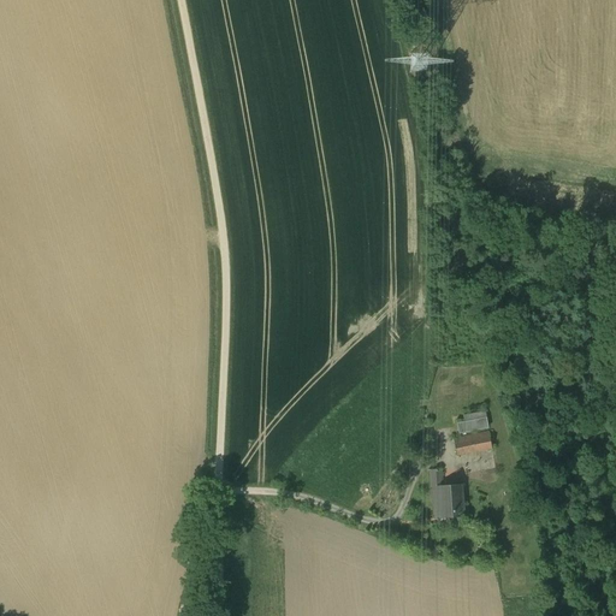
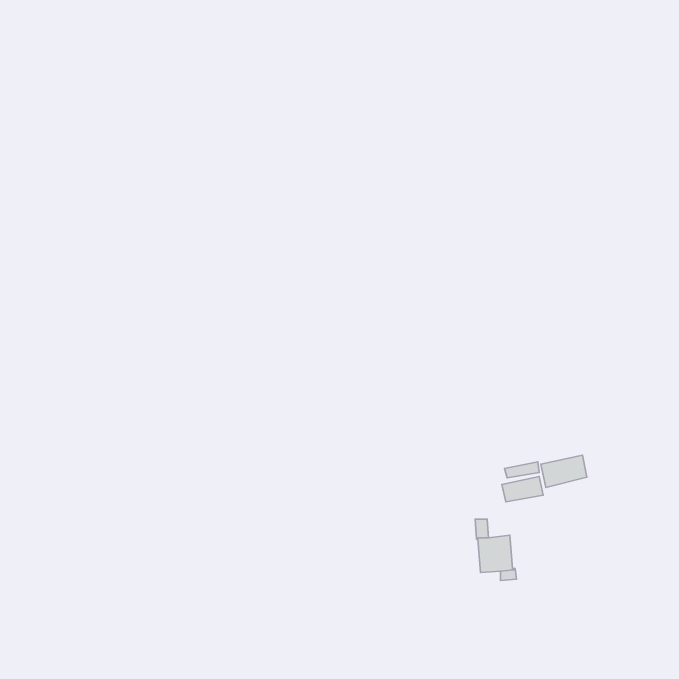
building: none -> [541,455,587,488]

